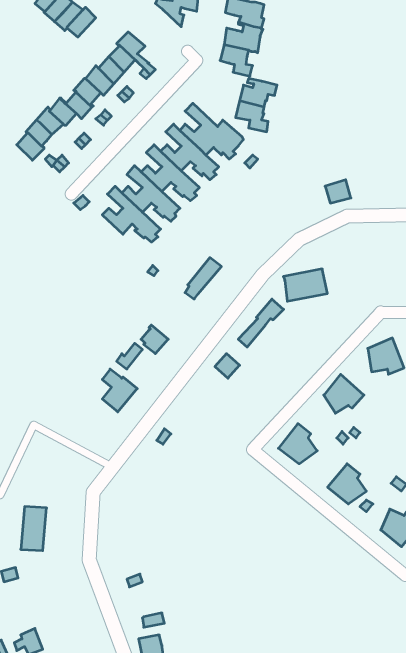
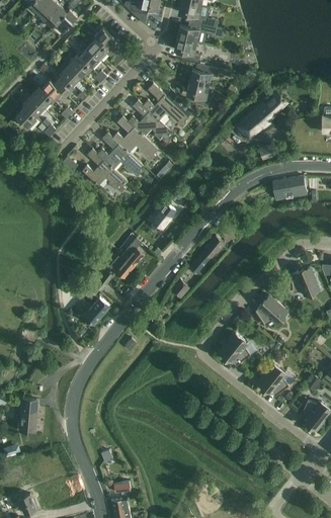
building: none -> [236,93,286,142]
building: [283,269,327,301] -> [272,176,307,201]
building: none -> [118,239,145,268]

